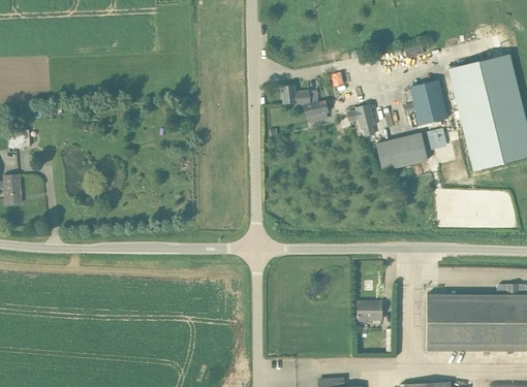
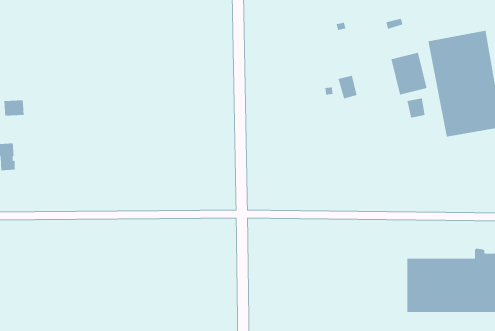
building: [282,85,329,117] -> none
building: [376,132,429,170] -> none
building: [359,301,382,322] -> none

